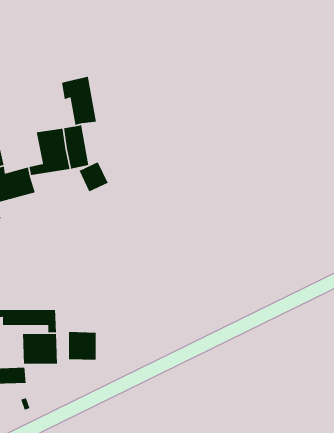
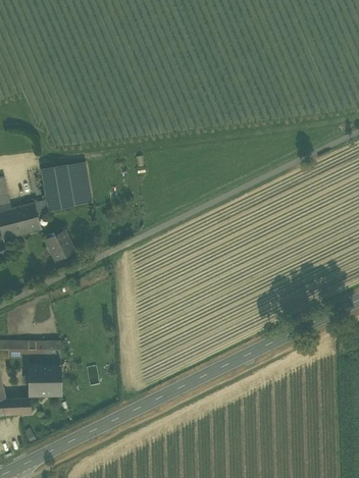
building: [61,76,97,126] -> none
building: [78,161,109,193] -> [46,230,75,261]
building: [68,331,97,361] -> none

